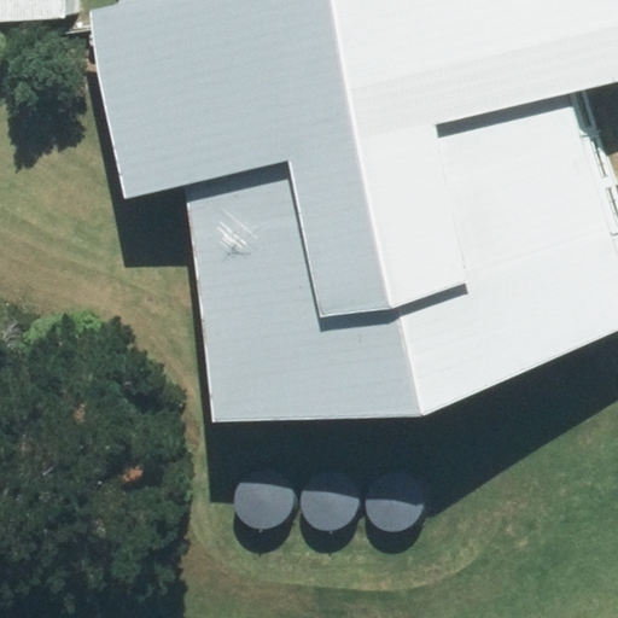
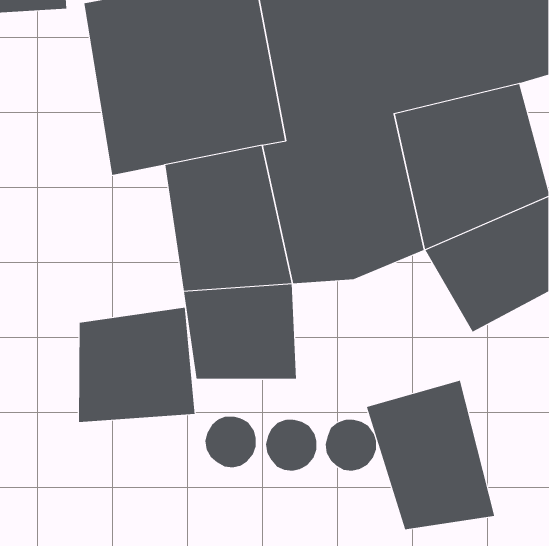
building: [326,279,526,422] -> none
building: none -> [79,307,195,423]
building: none -> [366,380,495,530]

